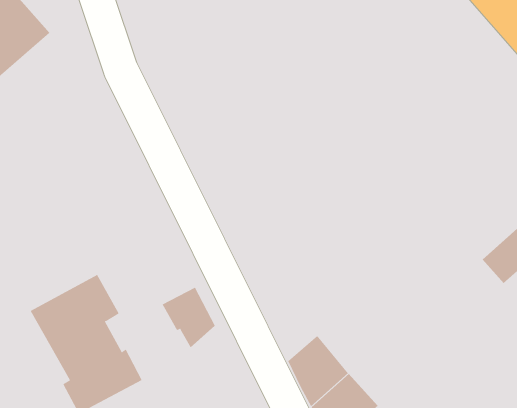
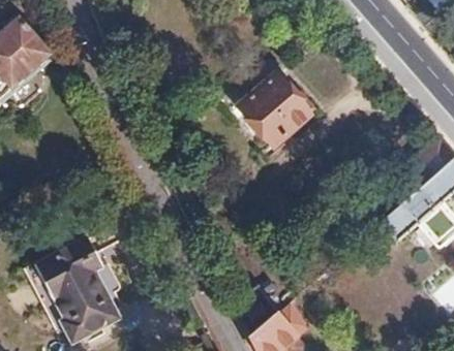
building: none -> [238,67,308,148]
building: [162,287,216,348] -> none

